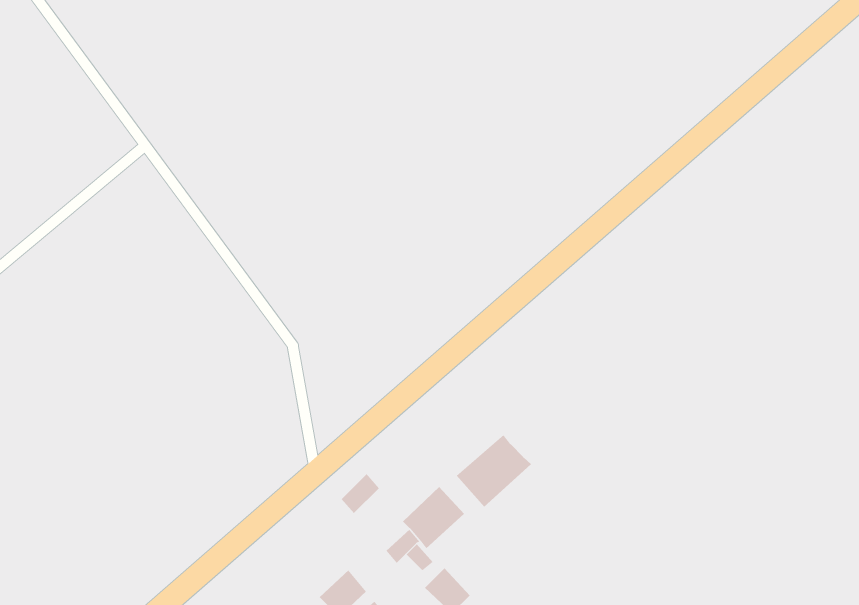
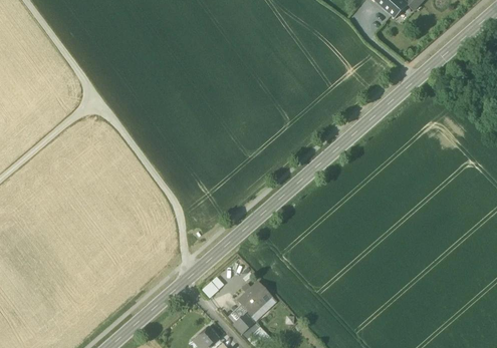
building: [456,434,532,507] -> none

